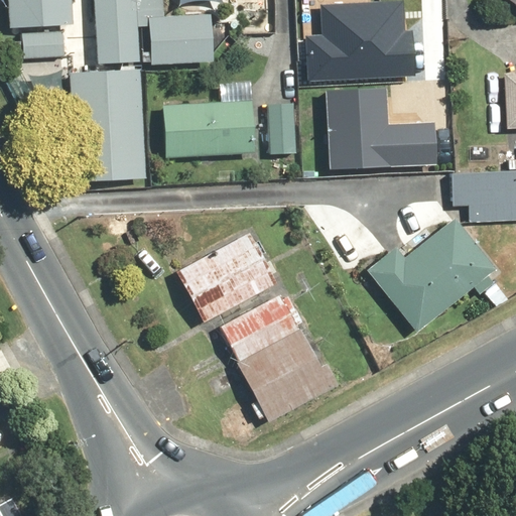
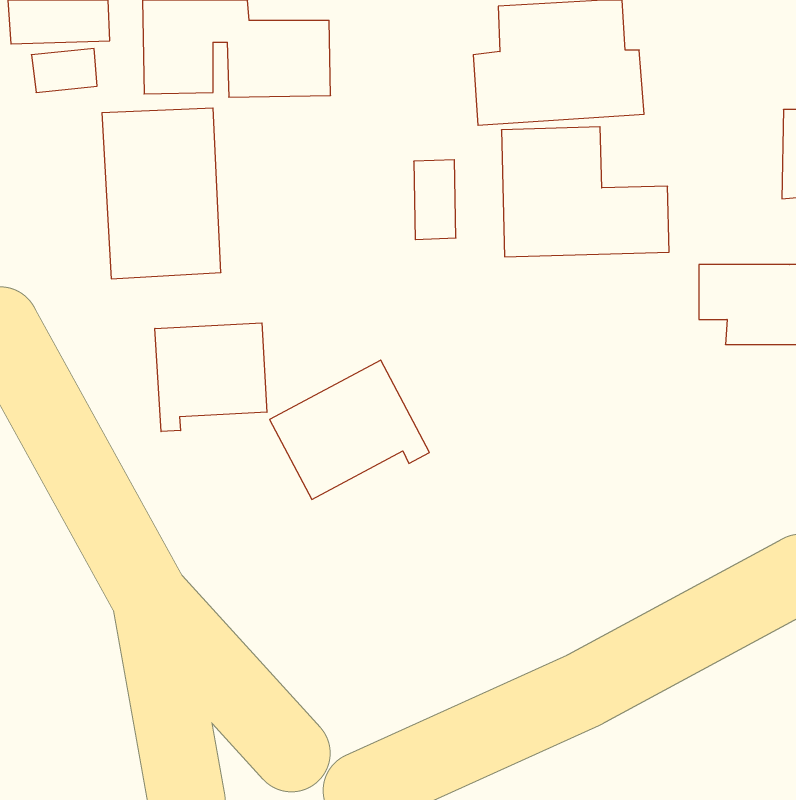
building: [163,102,253,158] -> none
building: none -> [155,323,267,432]
building: [367,218,496,331] -> none
building: [222,294,336,422] -> none

